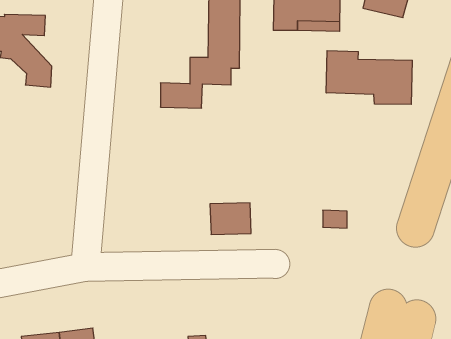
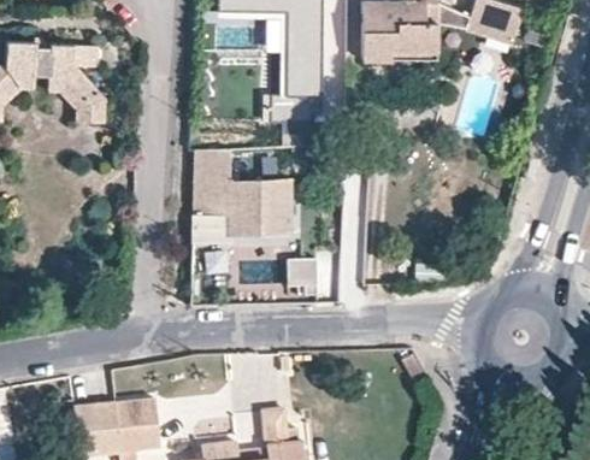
building: [326,51,412,104] -> none
building: none -> [194,148,291,240]

